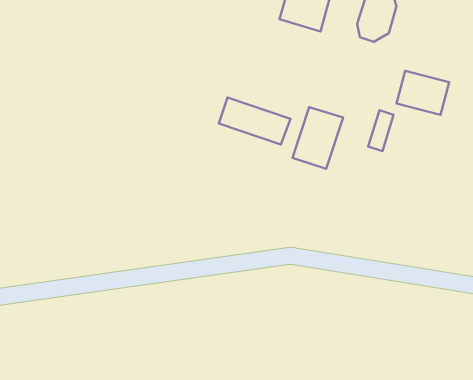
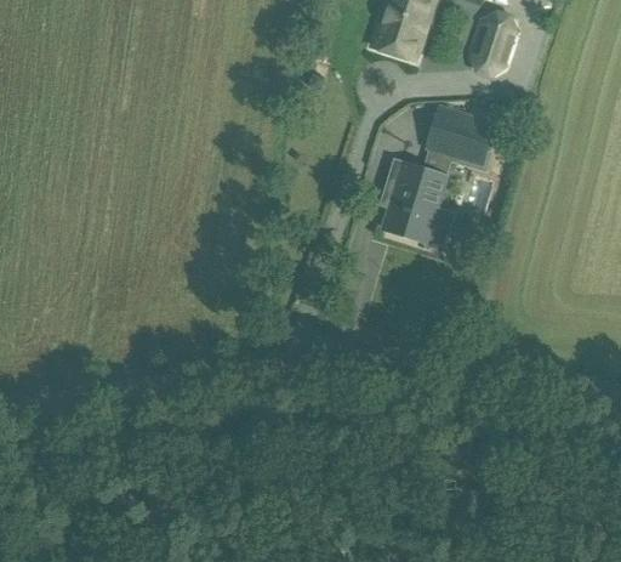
building: [397,71,449,115] -> [425,104,492,161]
building: [219,98,291,144] -> none

